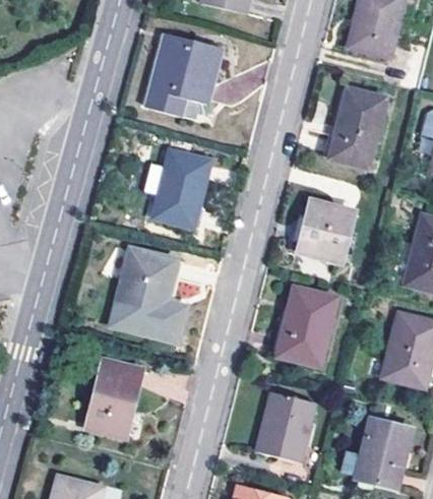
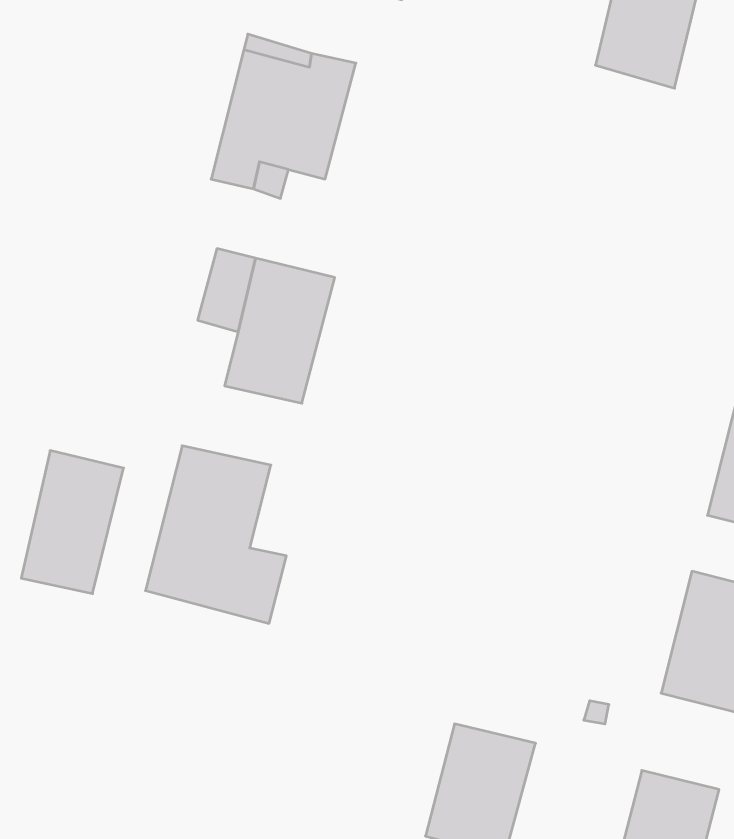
building: [327,89,385,170] -> none
building: [297,200,355,263] -> none
building: [276,287,335,366] -> none
building: [87,359,141,434] -> [21,451,124,594]

